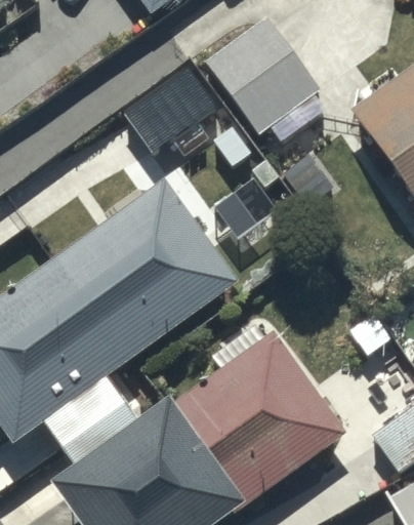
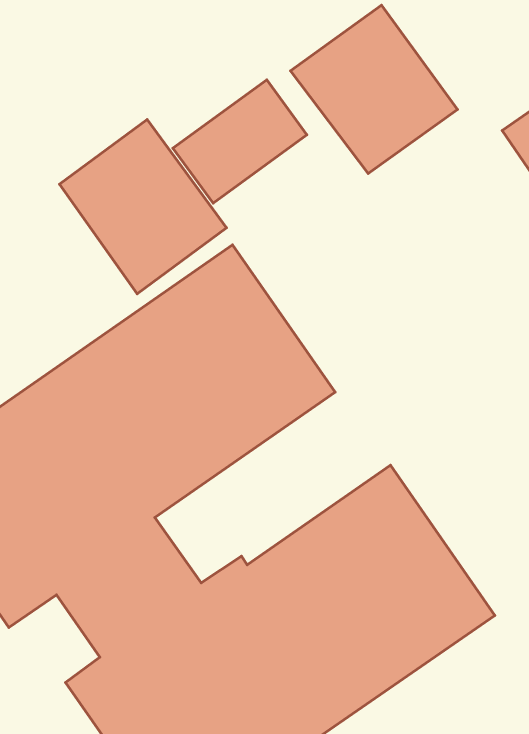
building: none -> [60,119,226,294]

